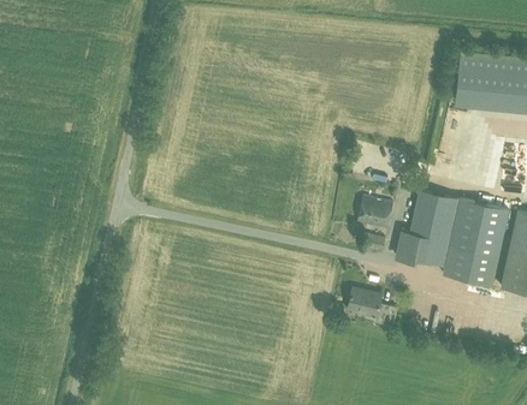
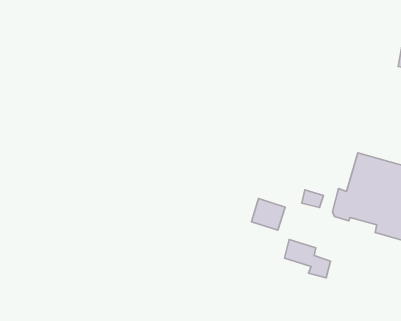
building: [357,196,392,228] -> [251,199,285,230]

